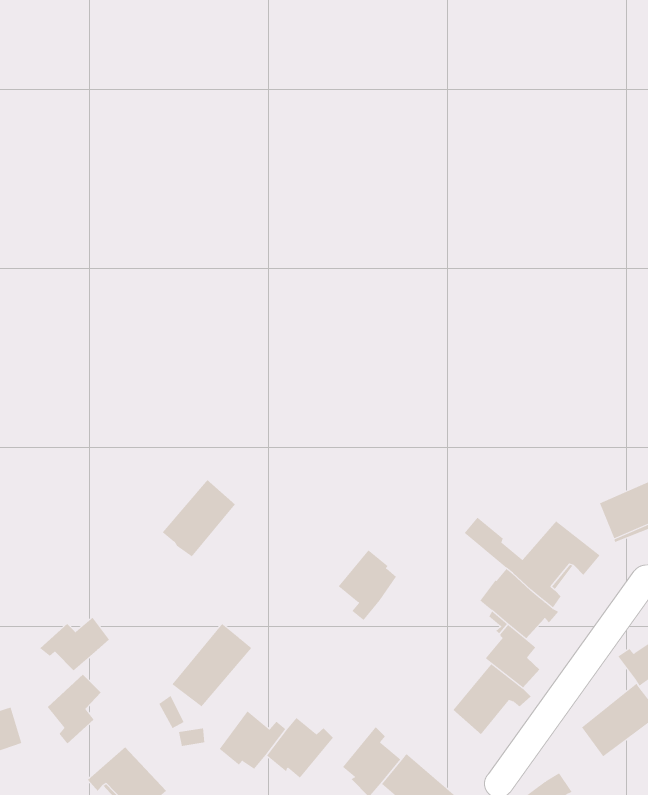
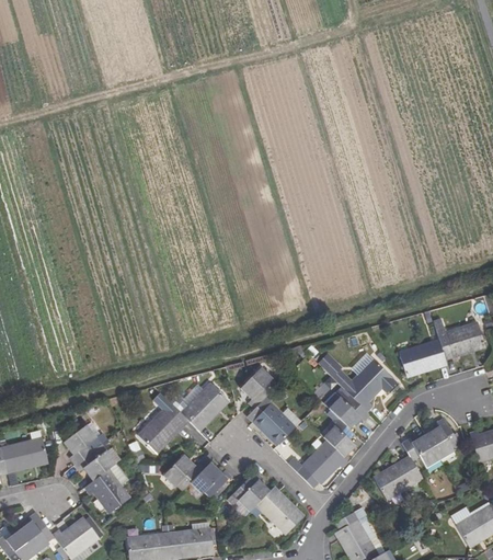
building: [162,479,236,557] -> [181,384,226,428]
building: none -> [249,398,295,443]
building: [40,617,110,671] -> [73,449,115,480]

